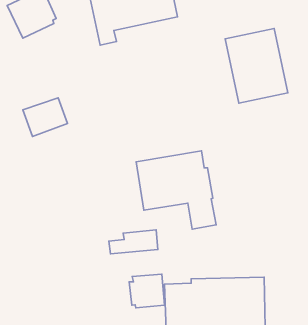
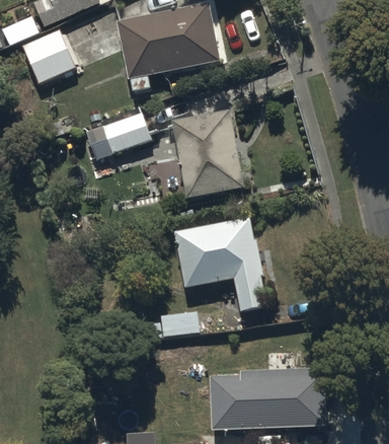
building: [225,28,288,103] -> [170,108,244,197]
building: [23,98,68,137] -> [99,112,152,157]
building: [129,274,165,308] -> none

